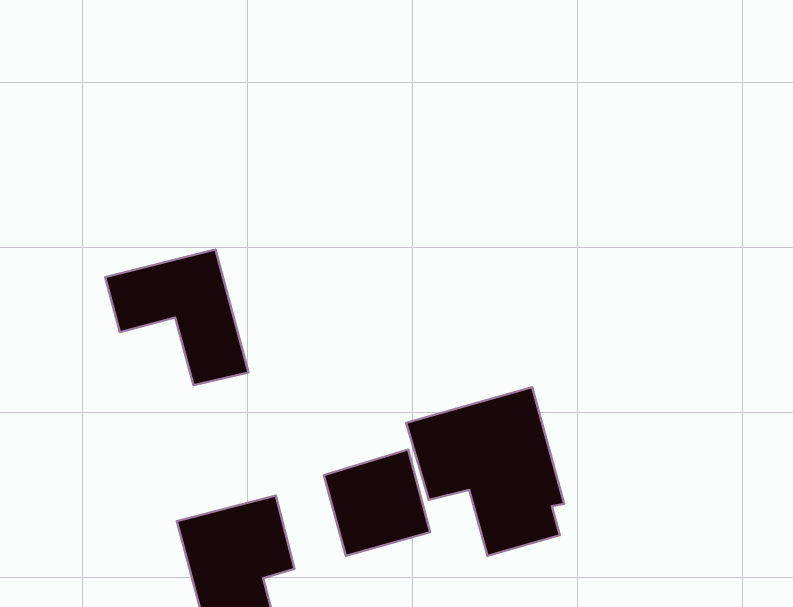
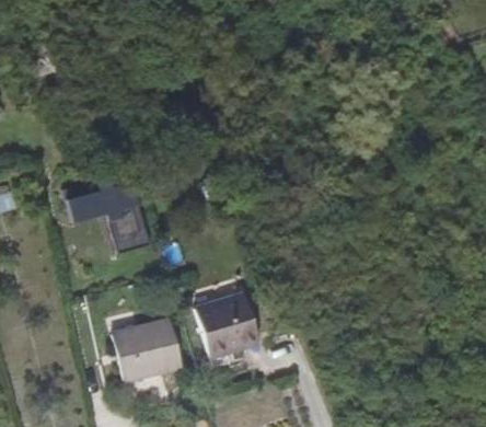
building: [406,387,564,556] -> none

